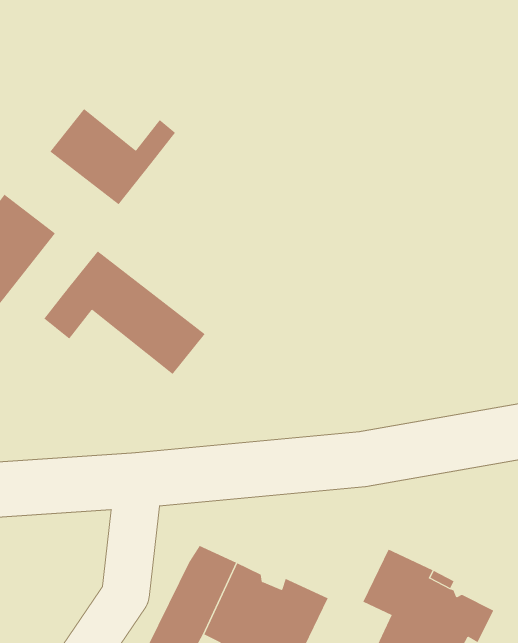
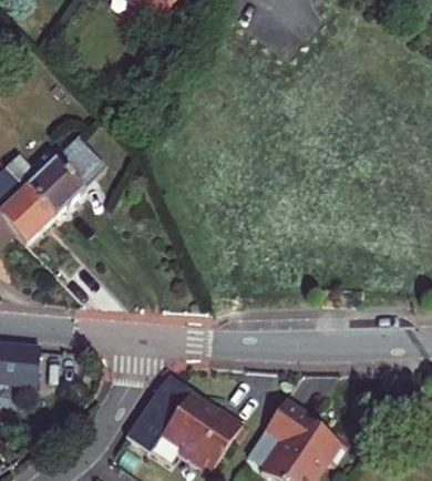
building: [50,108,176,205] -> none
building: [44,250,205,375] -> none

